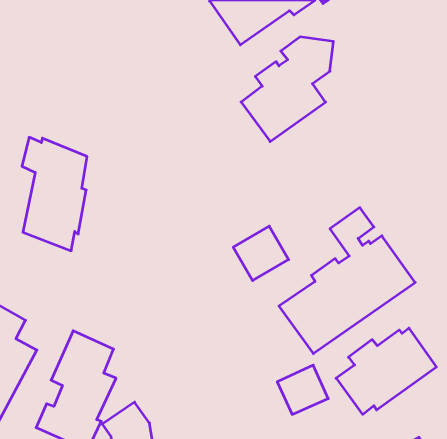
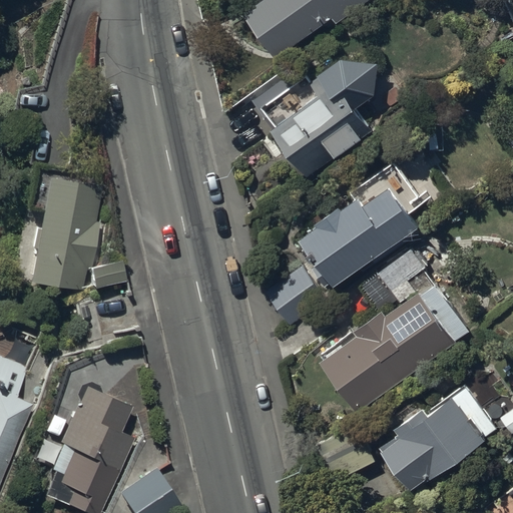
building: none -> [300,163,441,280]

